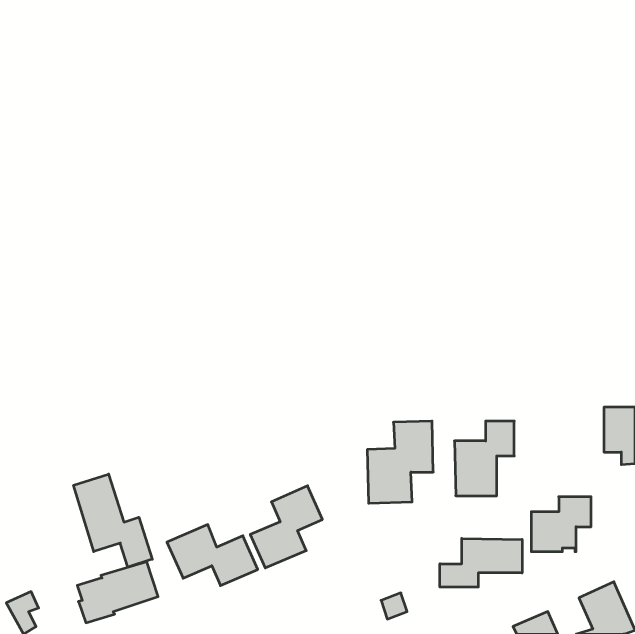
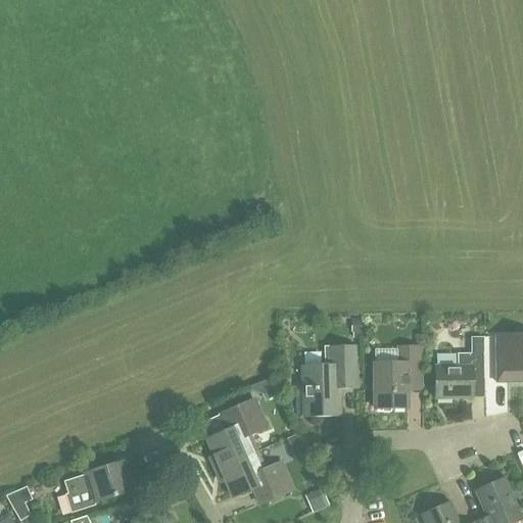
building: [74,474,152,567] -> none
building: [531,497,591,552] -> [434,352,483,397]
building: [167,525,258,586] -> [218,451,292,502]
building: [440,538,522,587] -> none

